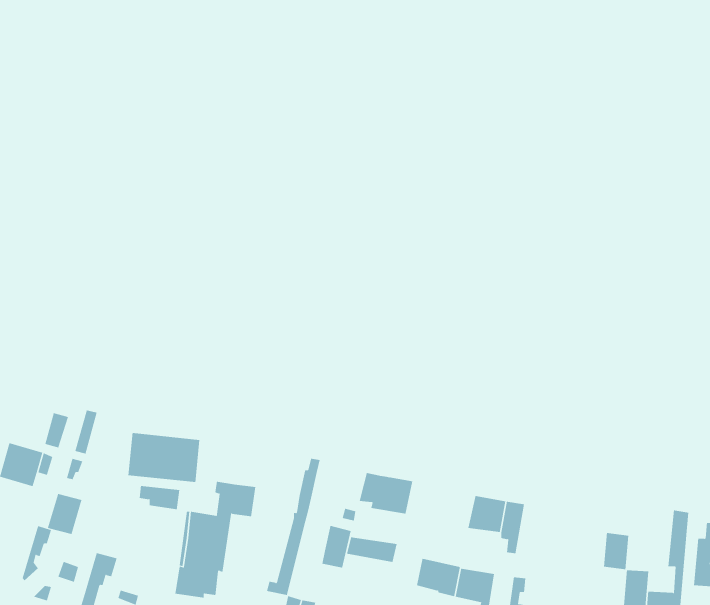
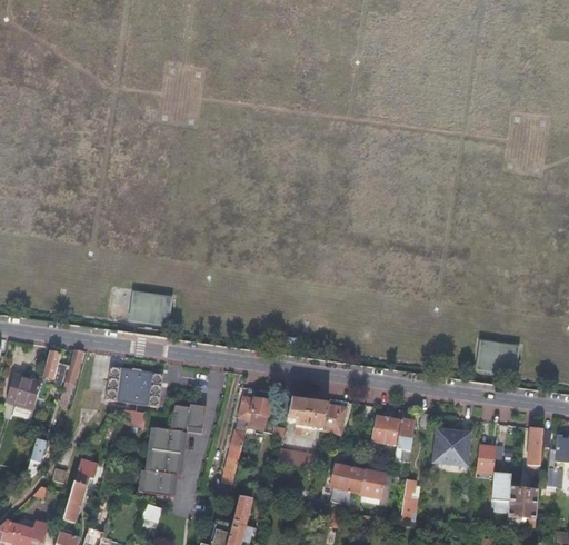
building: none -> [130,291,171,324]
building: none -> [477,339,518,373]
building: none -> [322,398,347,434]
building: [47,493,82,535] -> none
building: none -> [432,430,470,463]
building: [321,525,351,568] -> [247,397,270,430]

